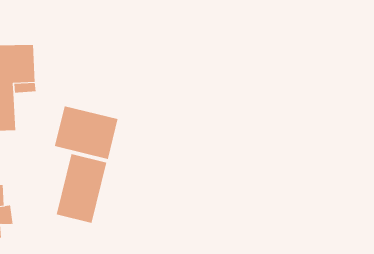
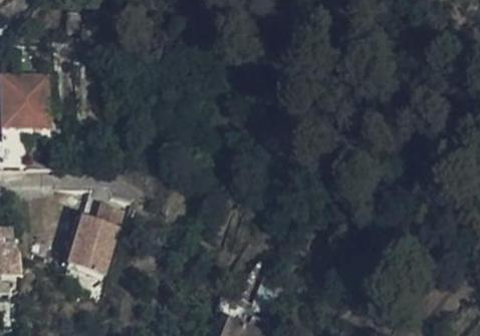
building: [54,105,118,160] -> none

